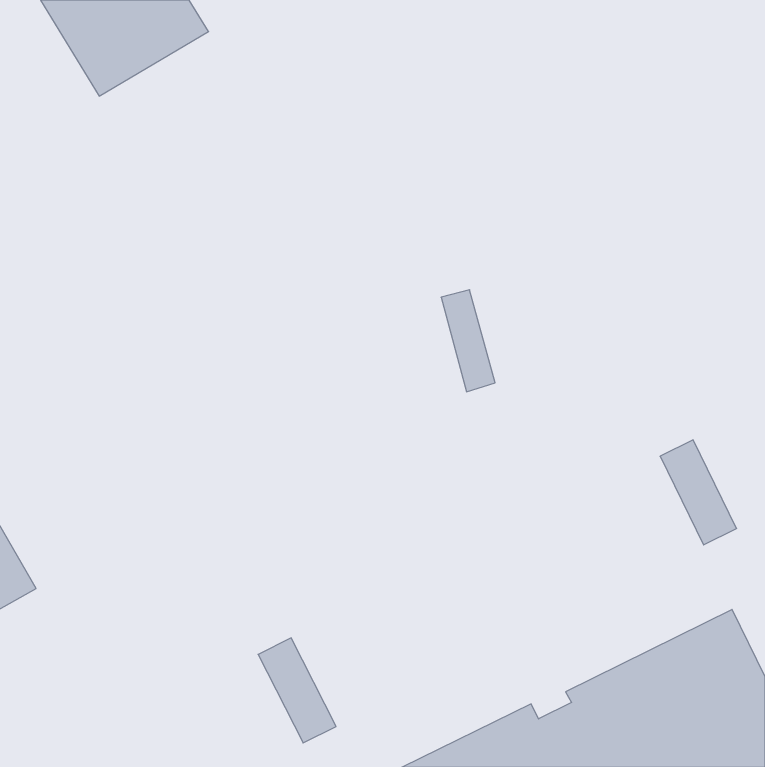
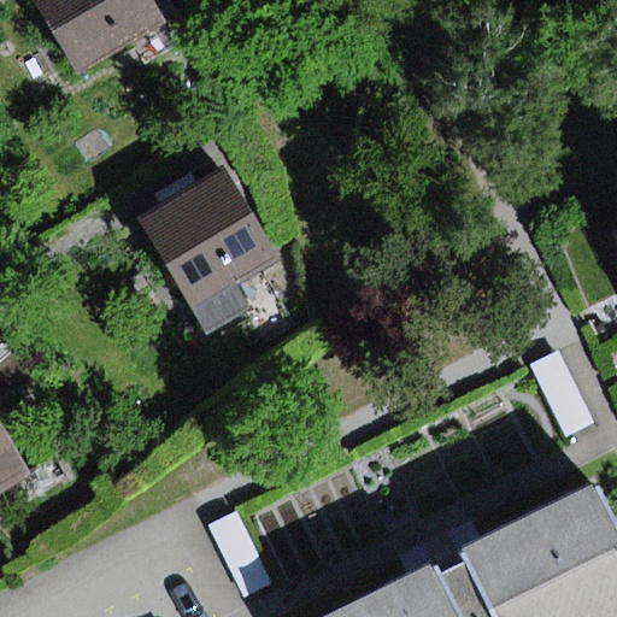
building: none -> [146,171,280,337]

